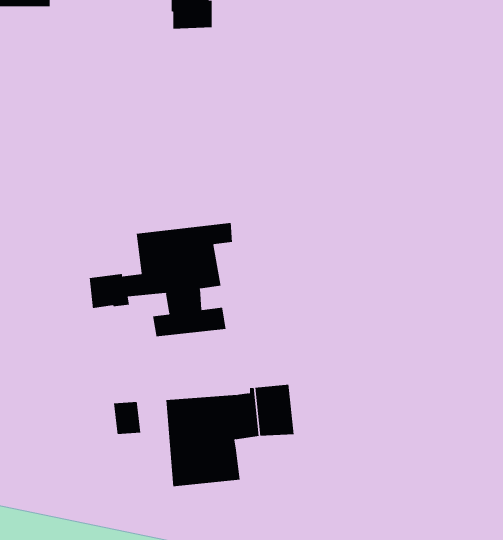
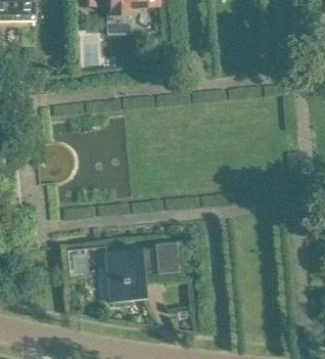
building: [89,222,232,337] -> none

